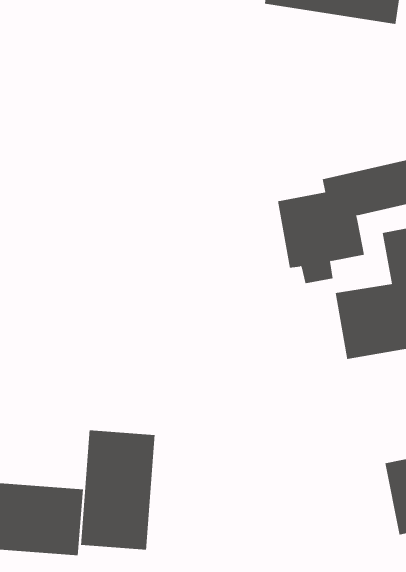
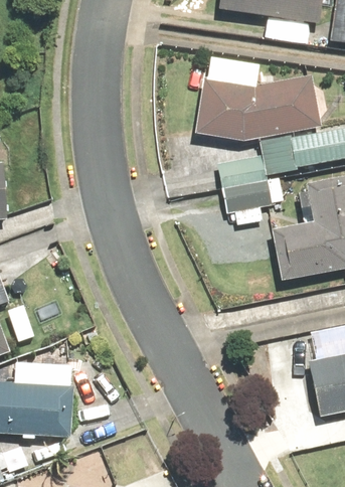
building: none -> [191,75,318,143]
building: [80,430,155,550] -> none

